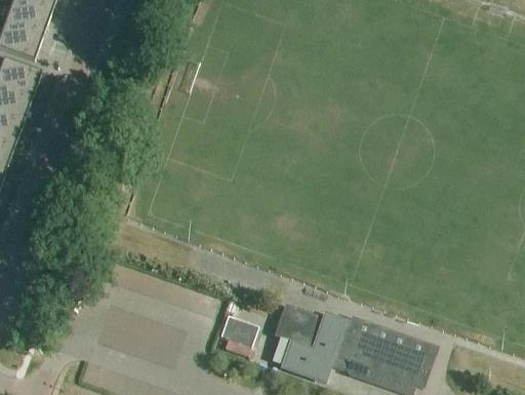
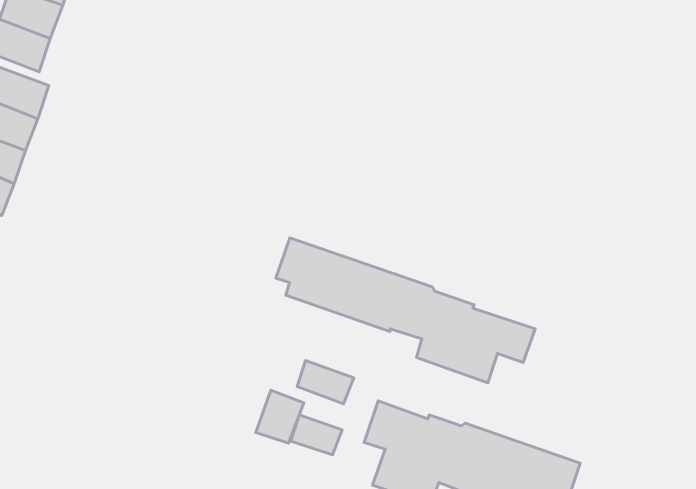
building: none -> [276,238,535,383]
building: none -> [297,361,354,404]
building: none -> [256,390,304,443]

